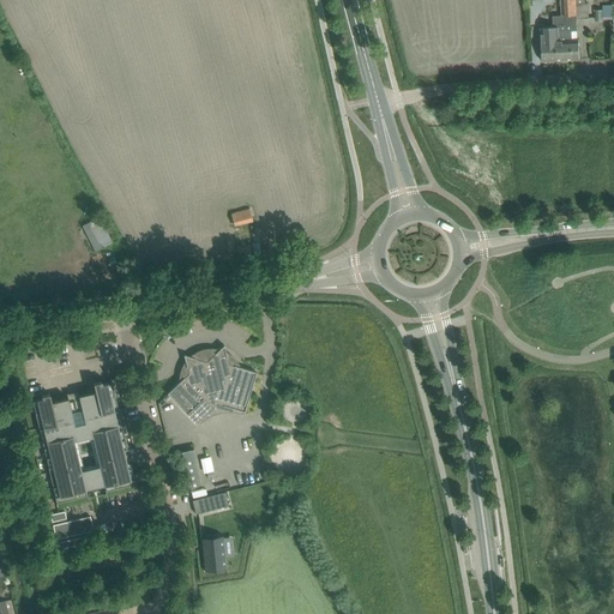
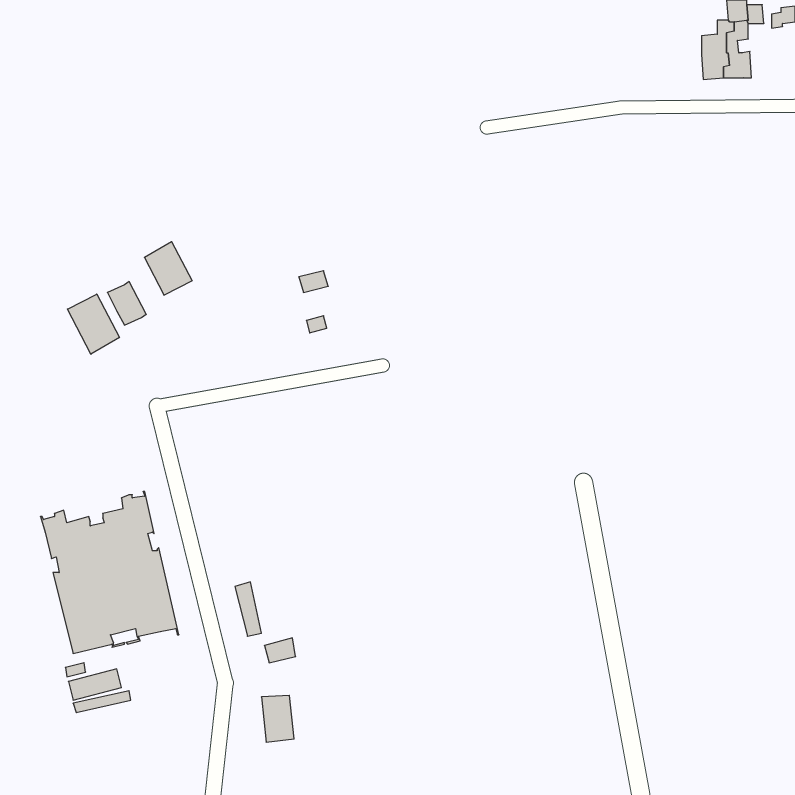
building: none -> [144,242,192,295]
building: none -> [67,294,119,354]
building: [167,344,257,423] -> none

